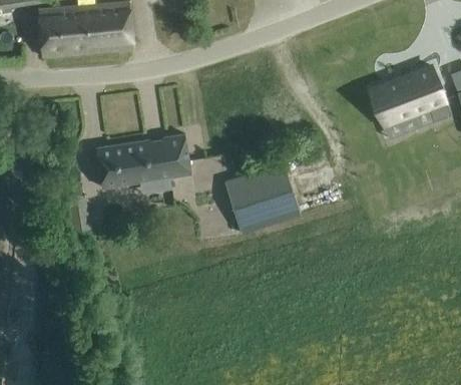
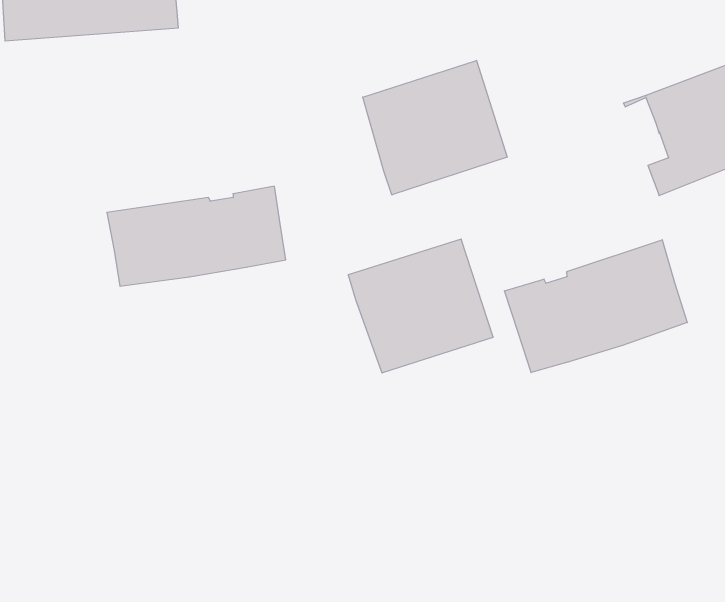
building: none -> [363,60,507,195]
building: none -> [504,240,687,373]

